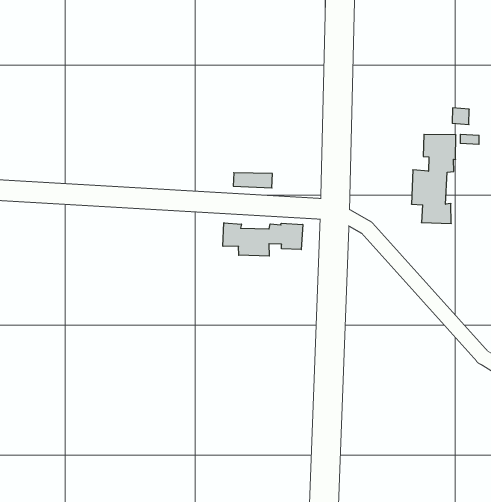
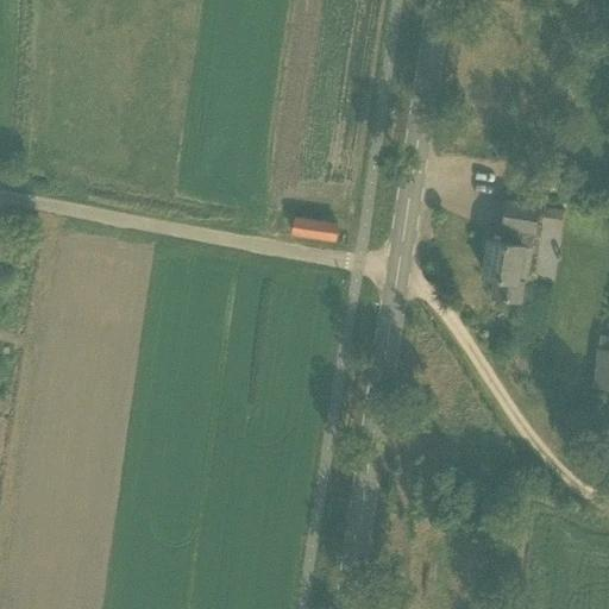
building: [223,223,303,256] -> none

